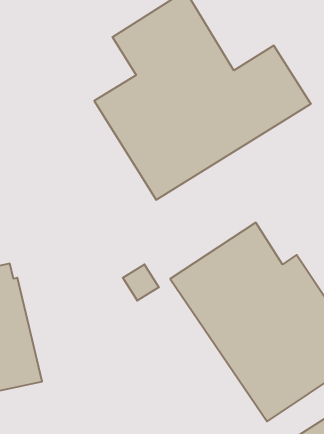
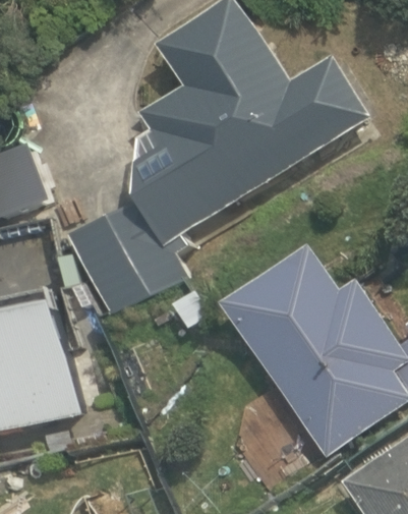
building: none -> [67,196,183,313]

